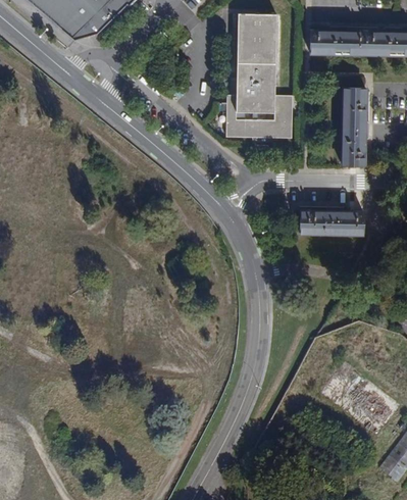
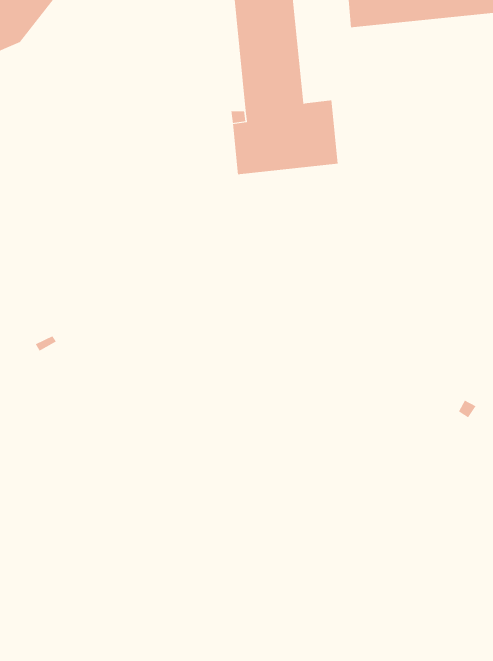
building: [342,89,367,165] -> none
building: [301,208,362,235] -> none

